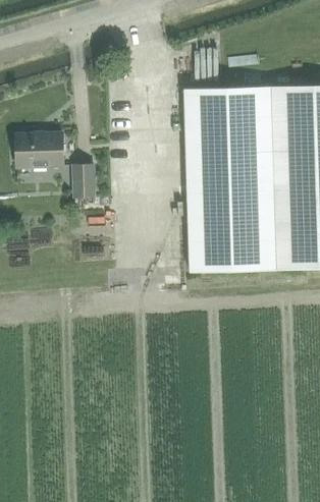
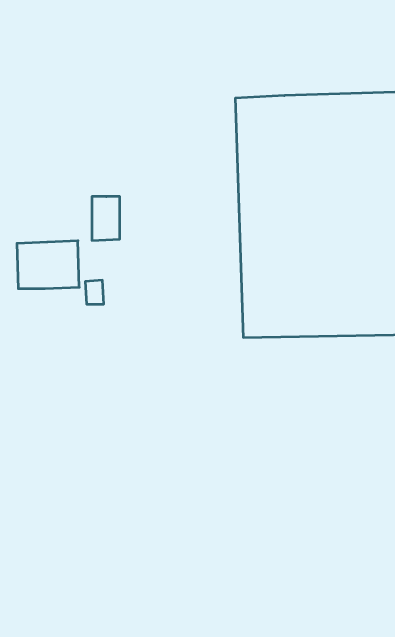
building: [15,131,63,168] -> [17,241,79,289]

